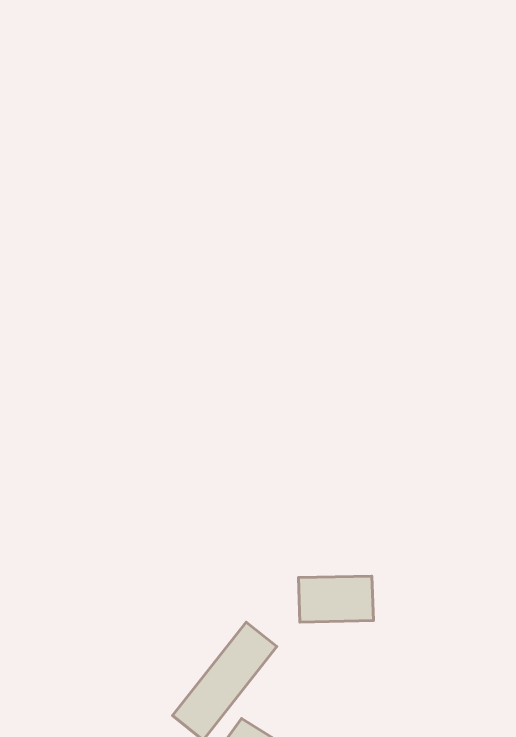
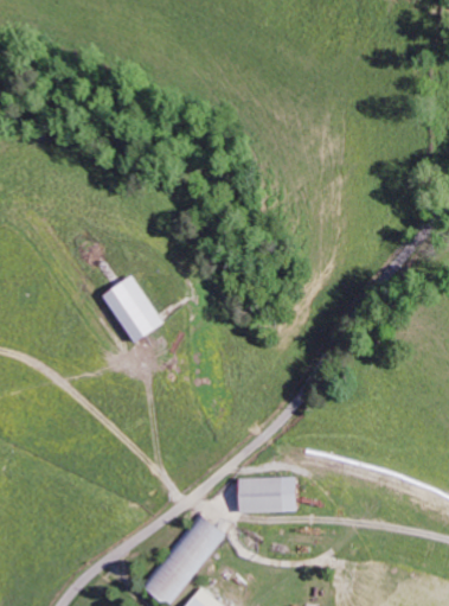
building: none -> [102,275,163,344]

